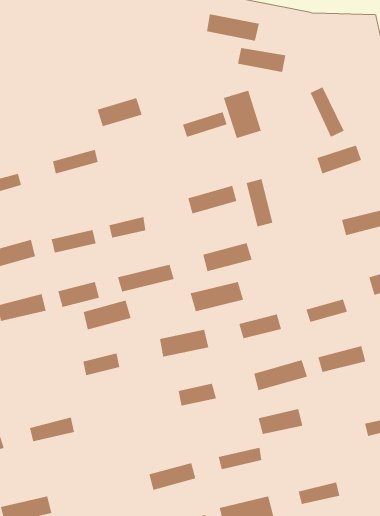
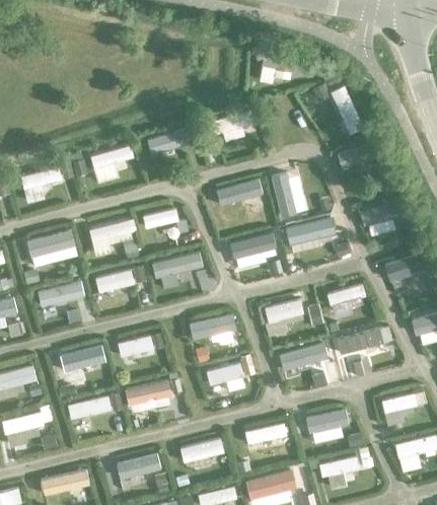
building: [206,14,260,41] -> none
building: [223,90,262,139] -> none
building: [97,98,142,127] -> [145,128,188,155]
building: [190,281,244,312] -> [285,216,336,244]
building: [83,300,131,330] -> [60,345,105,373]
building: none -> [124,380,170,405]
building: [258,409,303,435] -> [306,409,349,433]
building: none -> [115,453,159,480]

